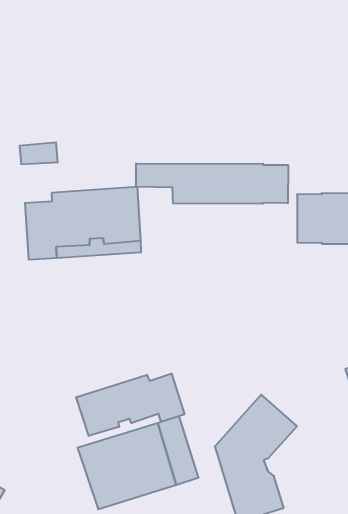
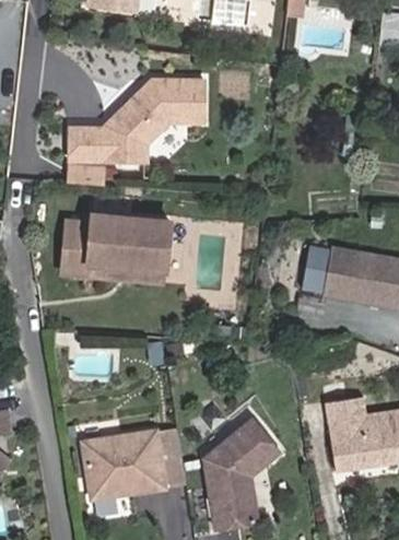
building: none -> [71,83,211,165]
building: [136,163,288,204] -> none
building: [76,374,184,436] -> none

